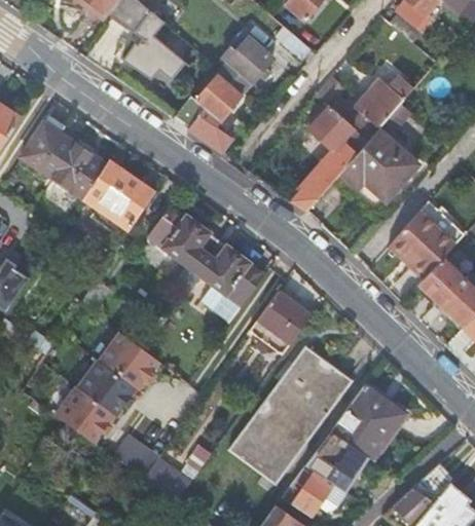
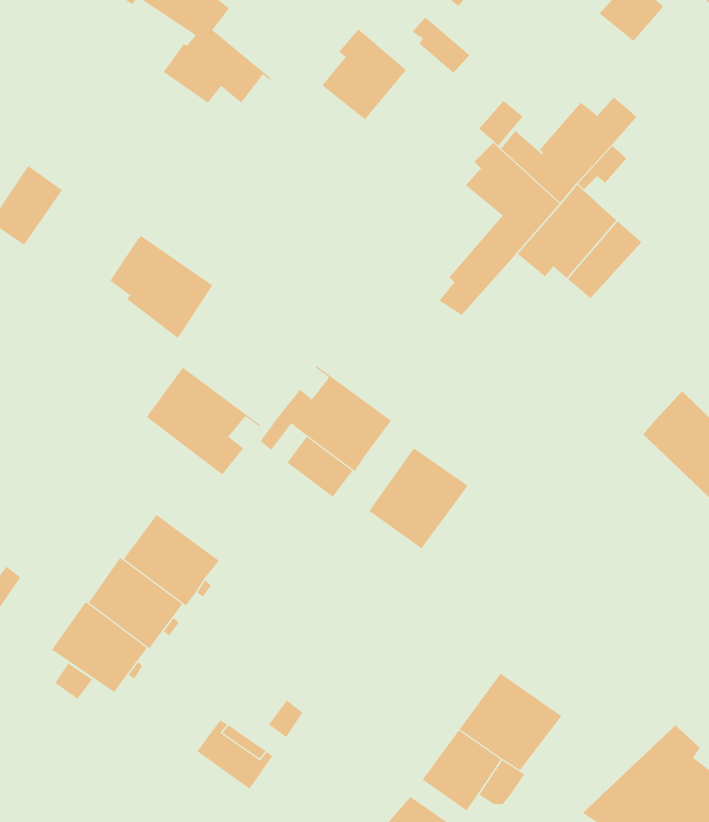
building: [174,69,248,152] -> none
building: [38,134,107,198] -> none
building: [147,205,218,272] -> [146,367,261,475]
building: [389,213,454,275] -> none
building: [230,347,353,484] -> none
building: [331,384,404,459] -> none
building: [112,435,159,479] -> none

